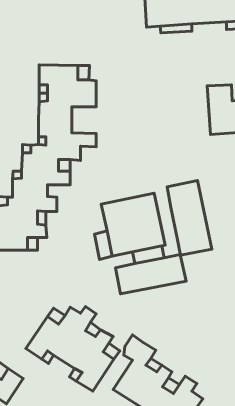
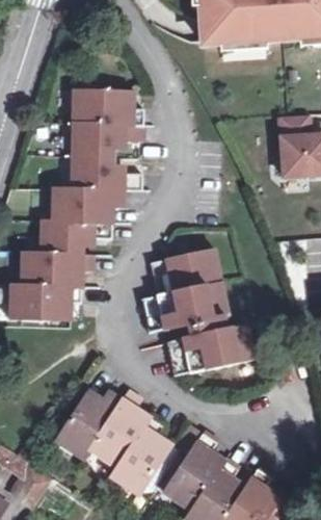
building: [167,180,212,255] -> none

